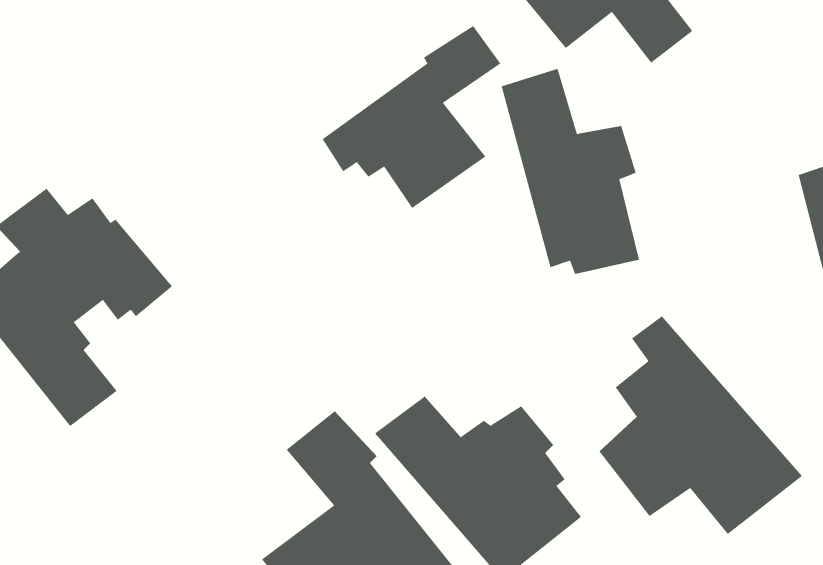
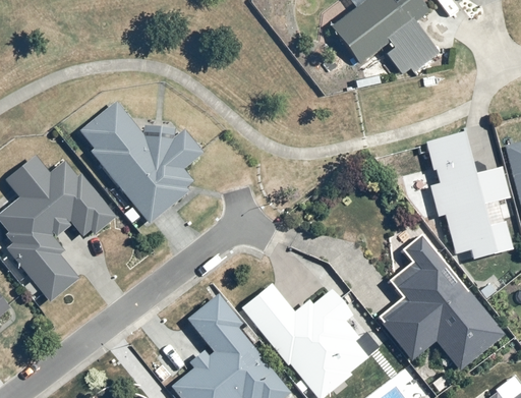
building: [322,25,501,209] -> none
building: [501,68,640,274] -> [425,129,512,258]
building: none -> [80,99,205,220]

